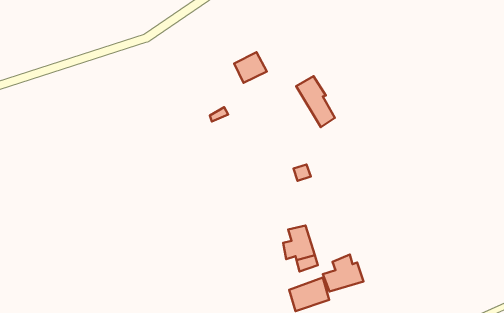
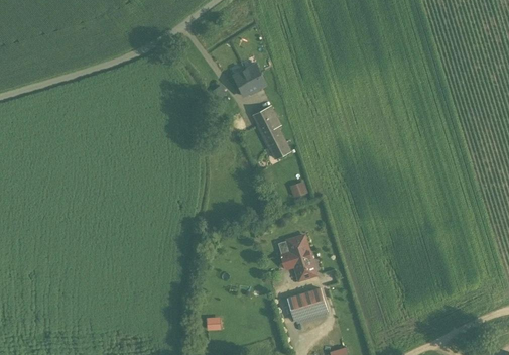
building: [296,76,335,127] -> [250,108,288,158]
building: [323,254,363,292] -> none

